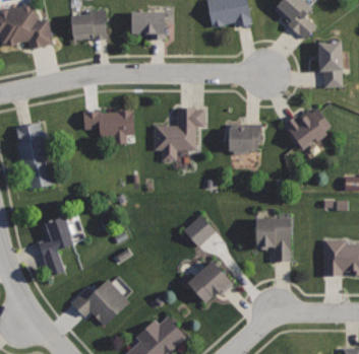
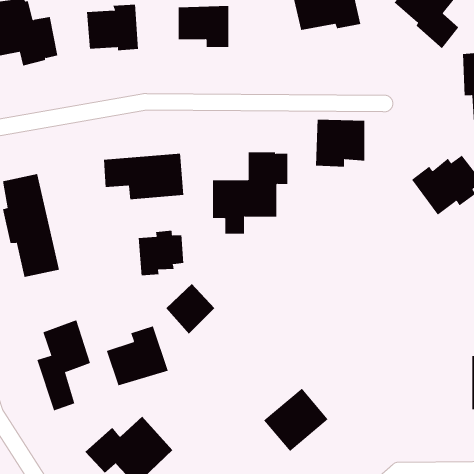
building: [228,123,260,154] -> [315,119,365,167]
building: none -> [138,230,184,276]
building: [179,215,212,249] -> [165,283,215,334]
building: [256,218,290,261] -> none
building: none -> [106,325,168,386]

